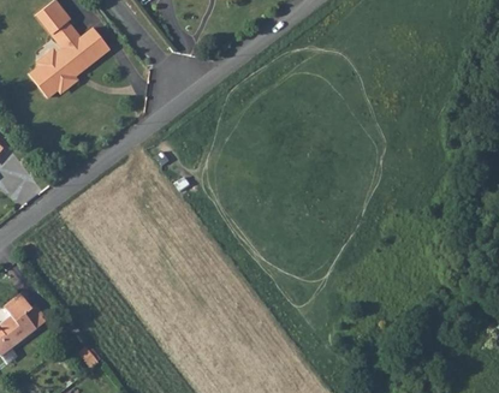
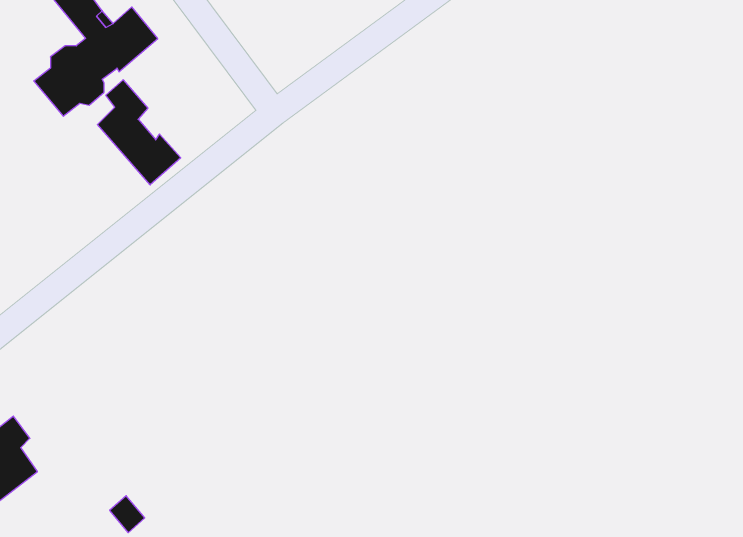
building: none -> [97,80,181,185]

